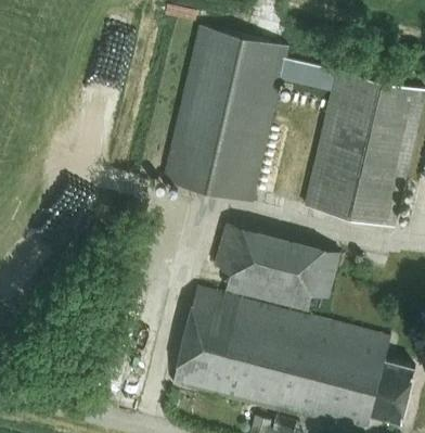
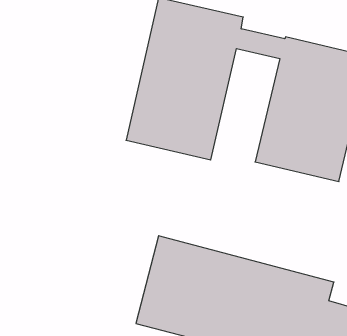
building: [215,222,343,313] -> none

